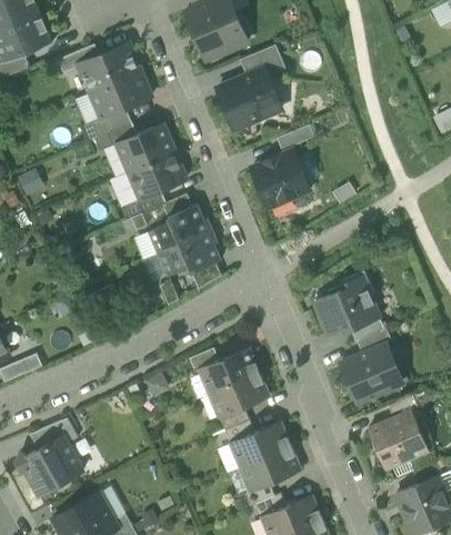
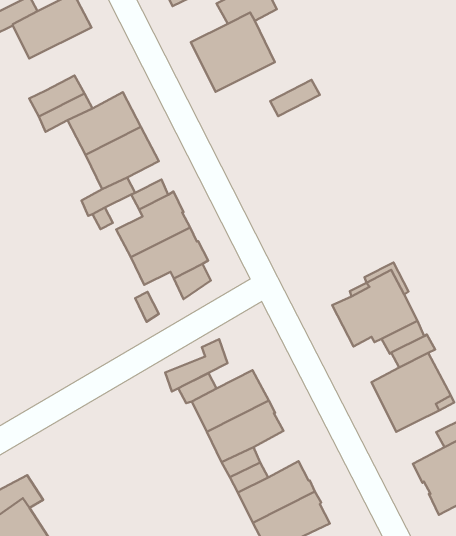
building: [91,73,151,120] -> none
building: [251,152,311,209] -> none
building: none -> [165,339,228,391]

